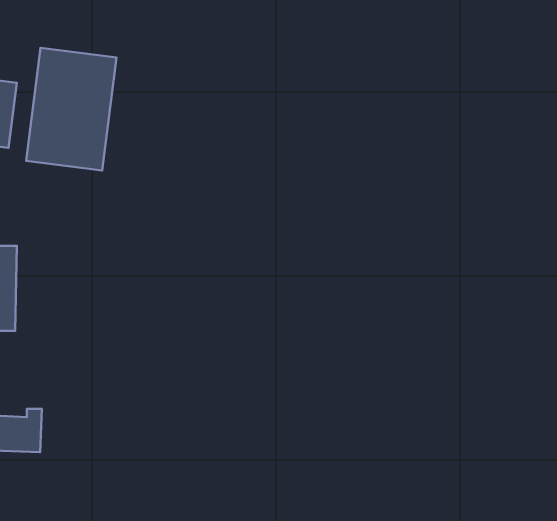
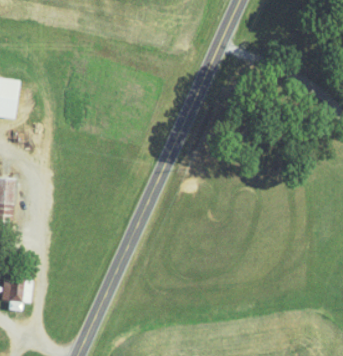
building: [26,48,116,170] -> none

